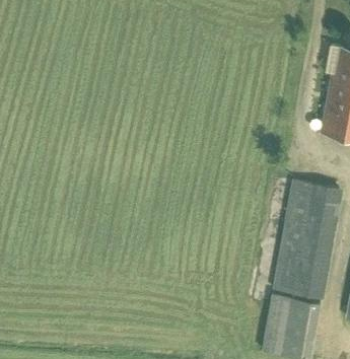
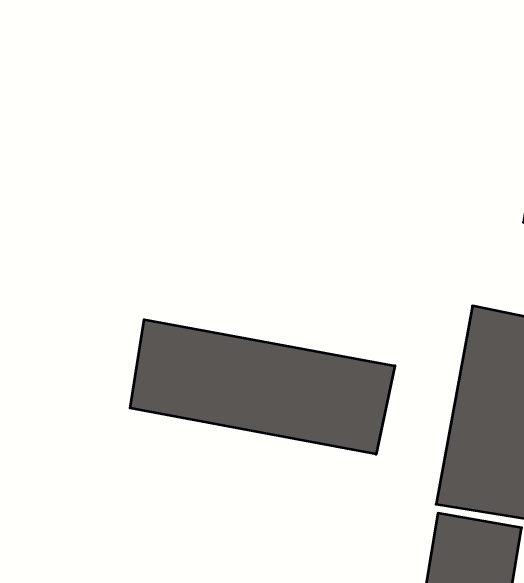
building: none -> [130,320,395,454]

